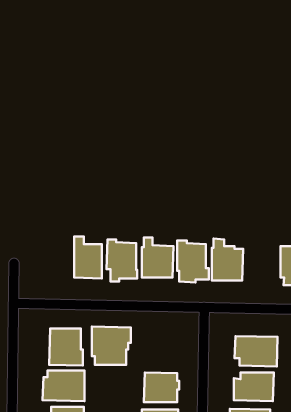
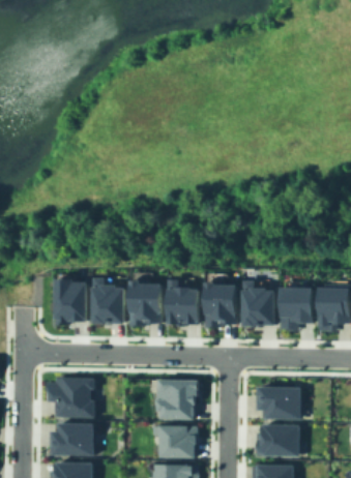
building: none -> [49,275,82,322]
building: none -> [271,289,304,332]
building: [92,327,131,365] -> [157,379,200,420]

